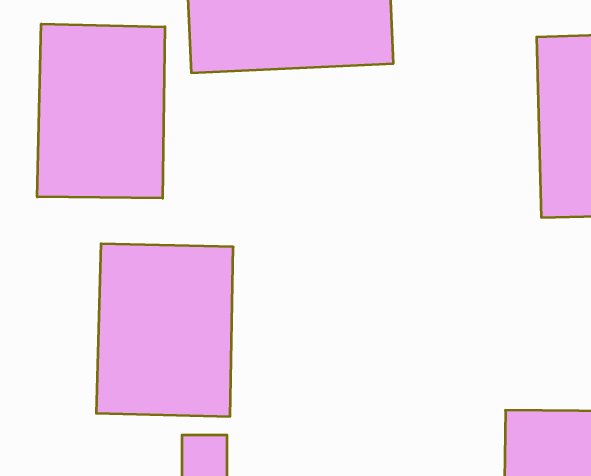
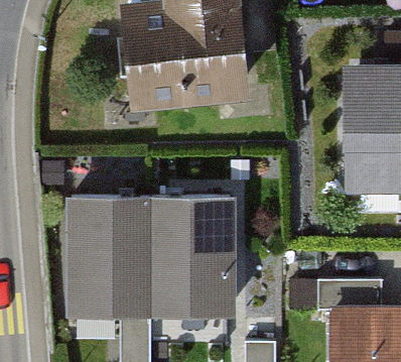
building: [37,24,165,198] -> none
building: none -> [149,194,237,306]

